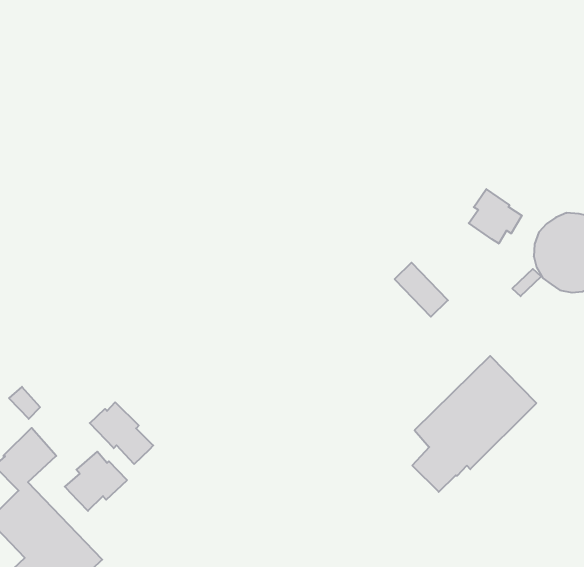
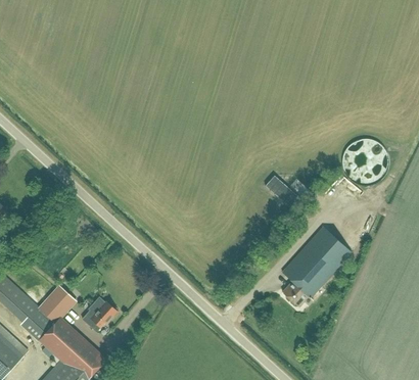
building: [469,189,522,244] -> none
building: [90,402,153,464] -> none

